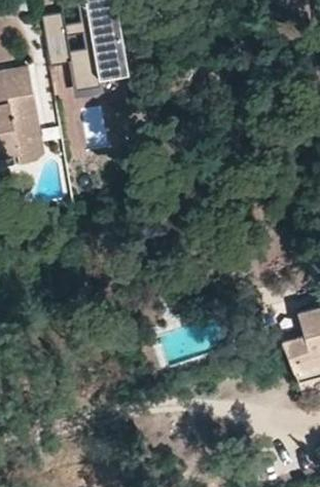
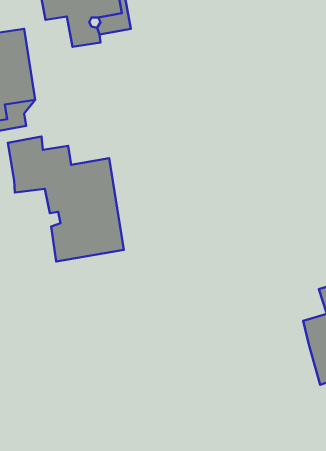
building: none -> [8,136,124,261]

